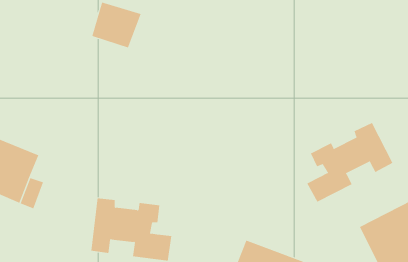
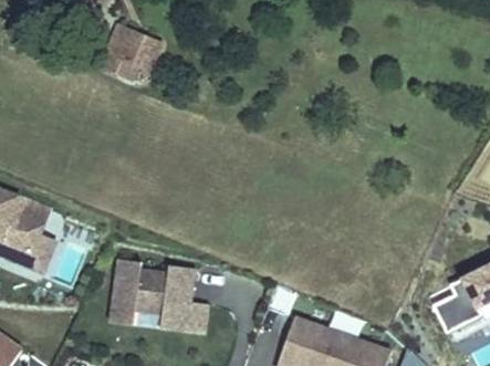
building: [306,122,393,203] -> none

